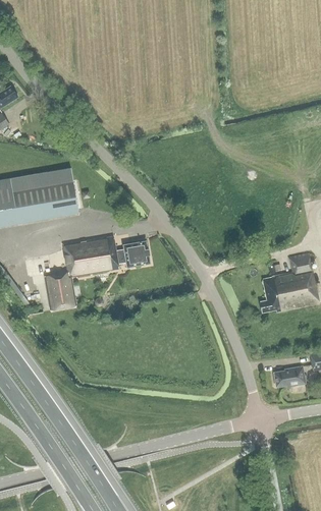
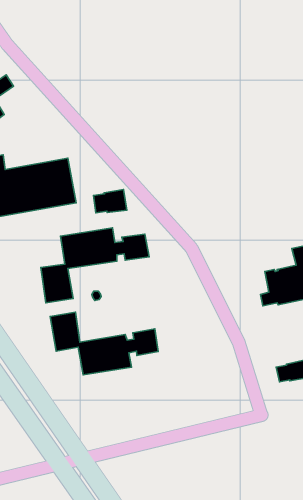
building: none -> [94,189,127,213]
building: none -> [50,312,158,375]

